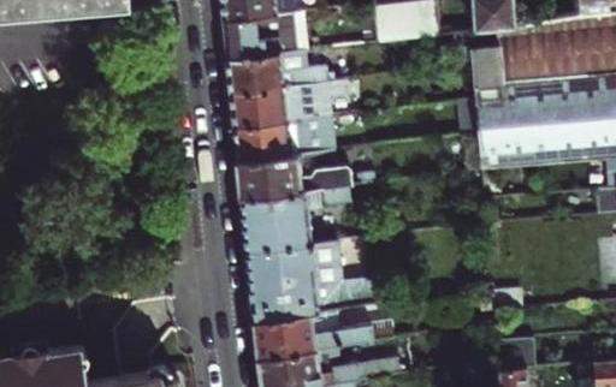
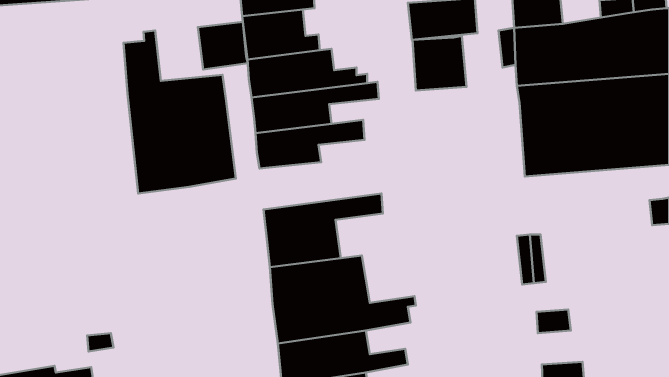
building: none -> [198,22,248,69]
building: none -> [124,30,236,193]
building: none -> [413,36,466,91]
building: [238,150,375,198] -> none

